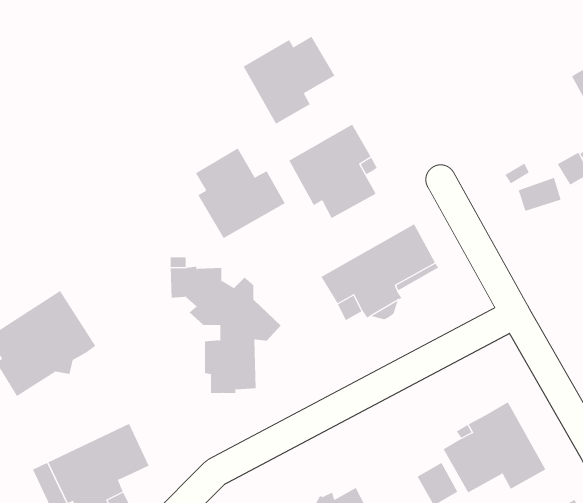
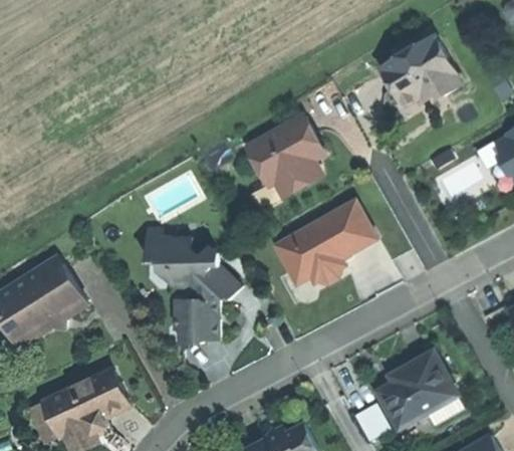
building: none -> [377,33,460,104]
building: [243,36,335,124] -> none
building: [195,148,286,239] -> none

